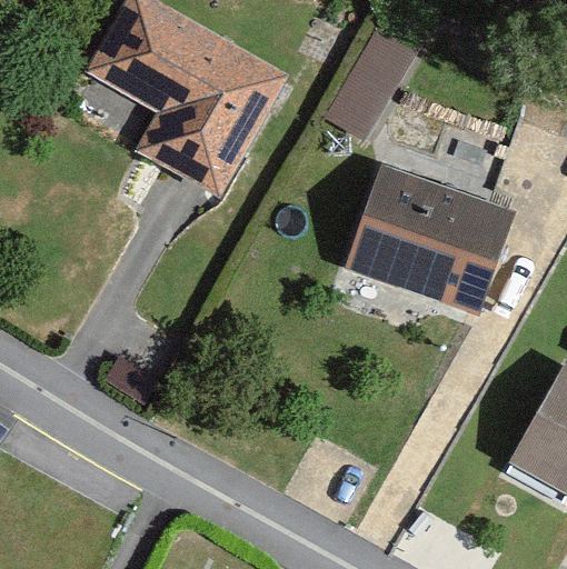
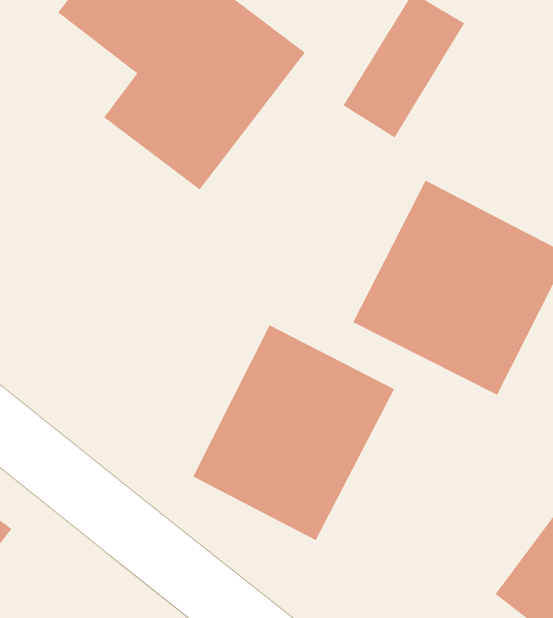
building: none -> [192,324,395,541]

